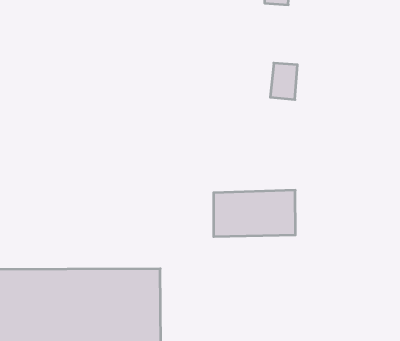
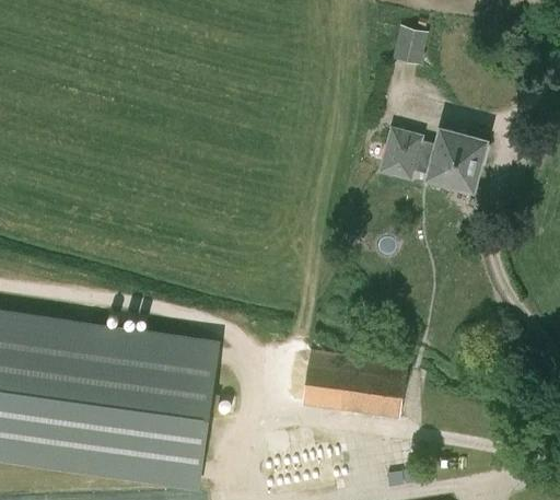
building: none -> [431,131,485,187]
building: [214,190,295,237] -> [304,352,409,418]

